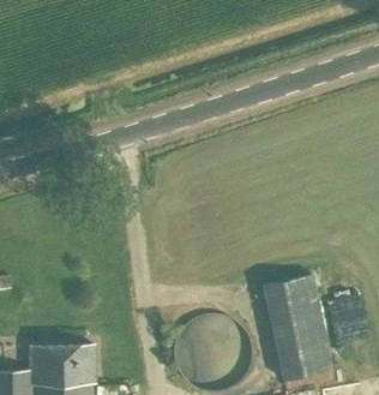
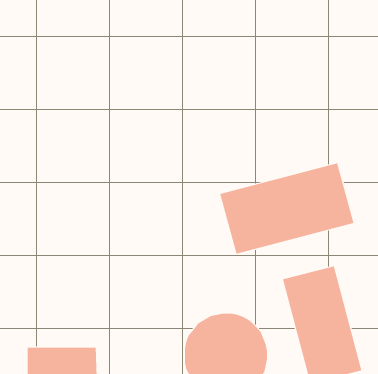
building: none -> [220,163,354,254]

